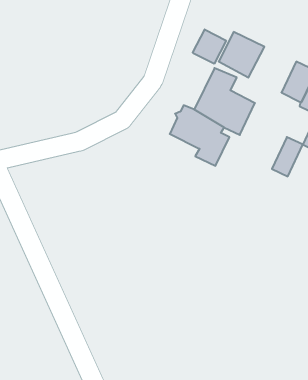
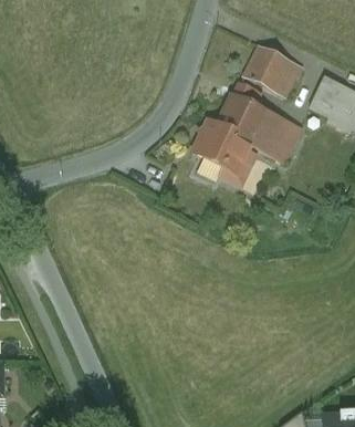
building: [193,29,226,64] -> none
building: [272,137,303,176] -> [264,121,296,162]

